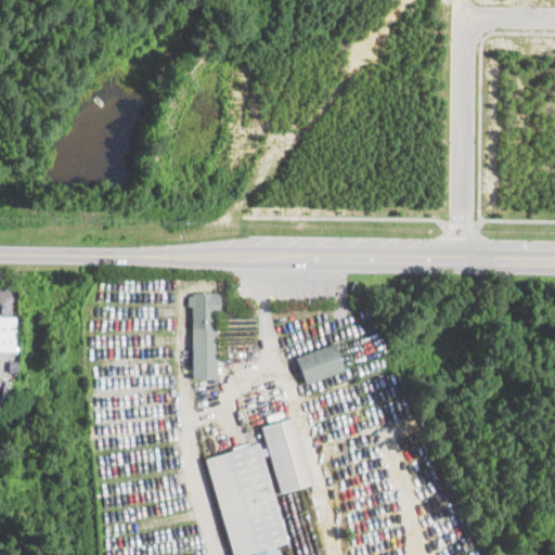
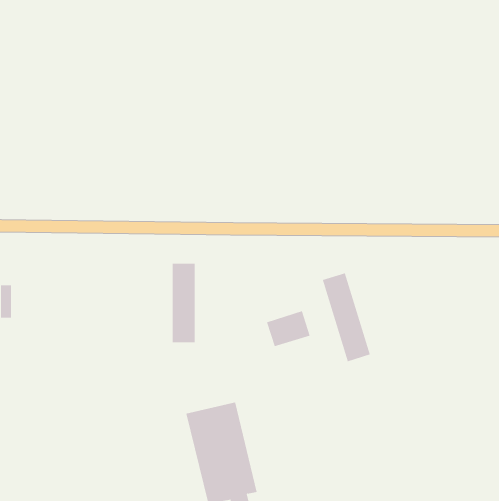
building: none -> [322,272,371,362]
building: [262,418,314,493] -> none

